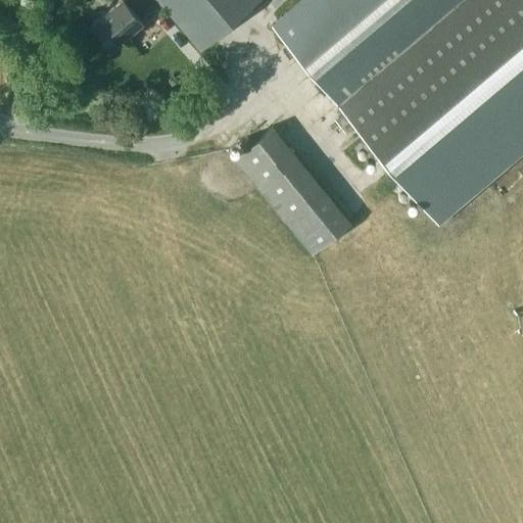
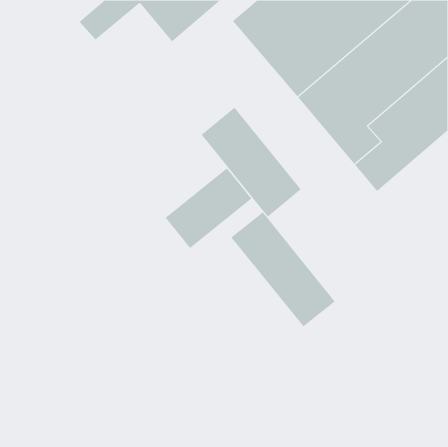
building: none -> [165,167,252,249]
building: none -> [231,212,336,327]

